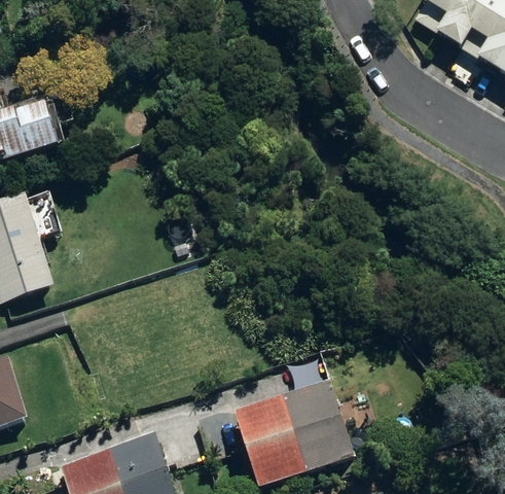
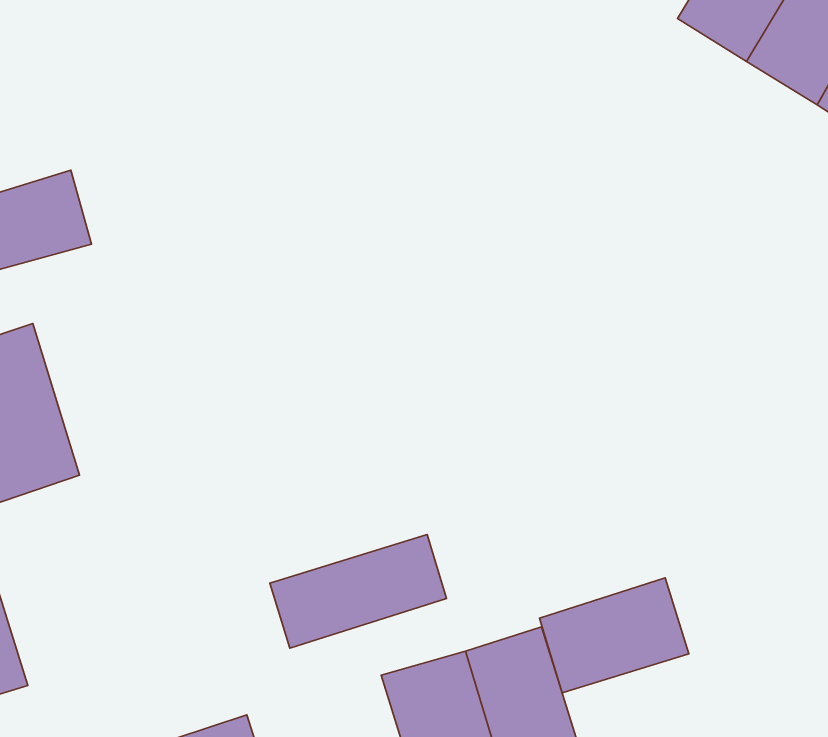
building: none -> [270,535,446,648]
building: none -> [539,578,689,693]

